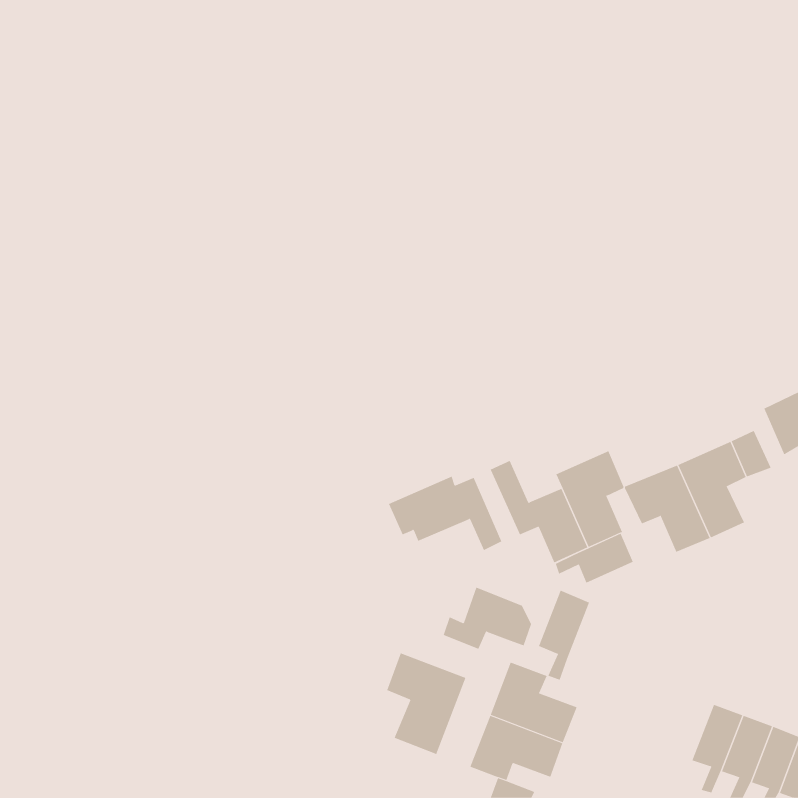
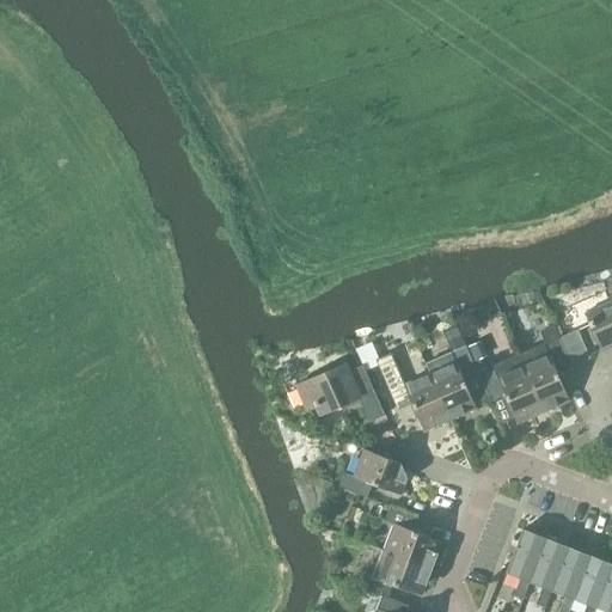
building: [555,533,634,584] -> none
building: [538,590,590,681] -> [507,528,546,598]
building: [386,653,466,755] -> none

